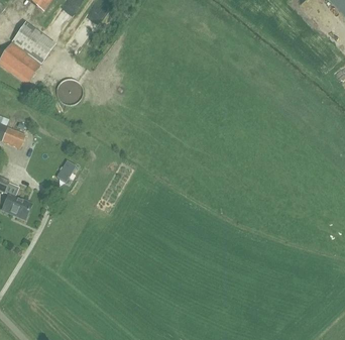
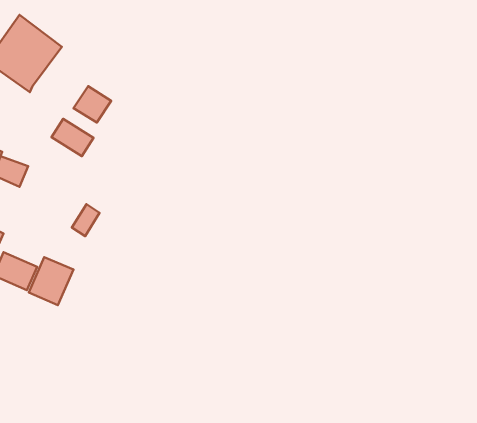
building: none -> [52,119,93,156]
building: none -> [29,257,73,305]

